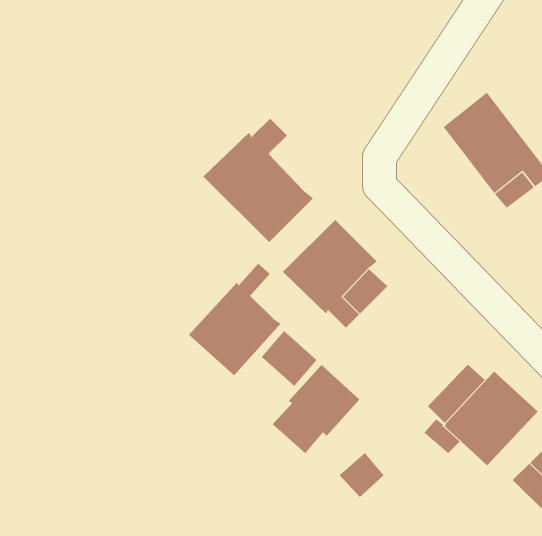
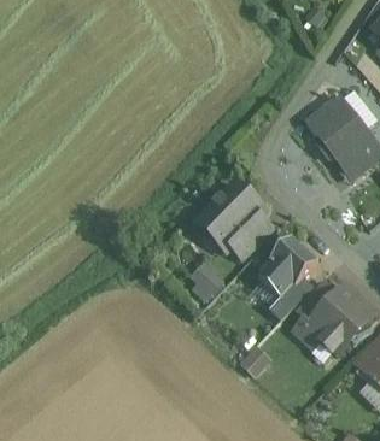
building: [203,118,314,243] -> none
building: [188,263,282,376] -> none
building: [272,364,360,454] -> [259,237,320,299]

